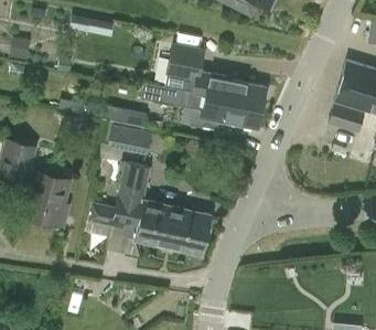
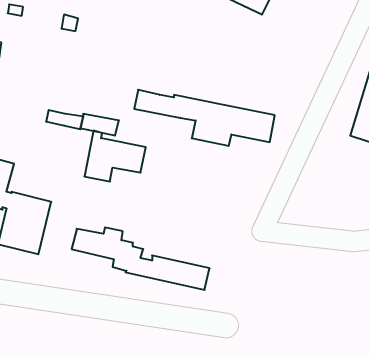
building: [163,43,266,105] -> none
building: [116,161,212,237] -> none

